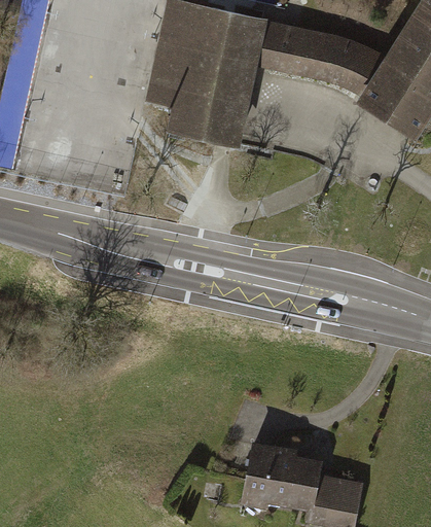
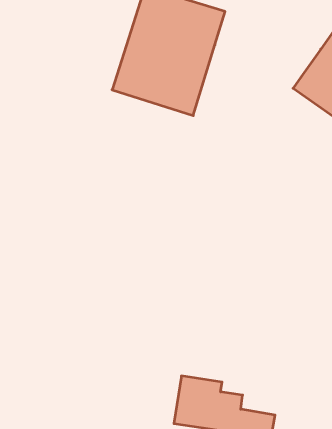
building: [261,22,384,92] -> none

